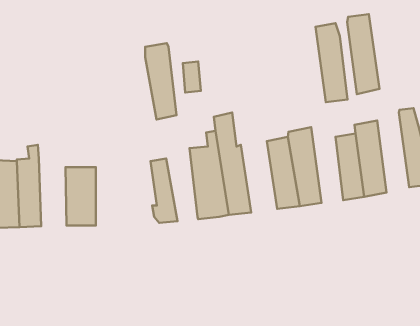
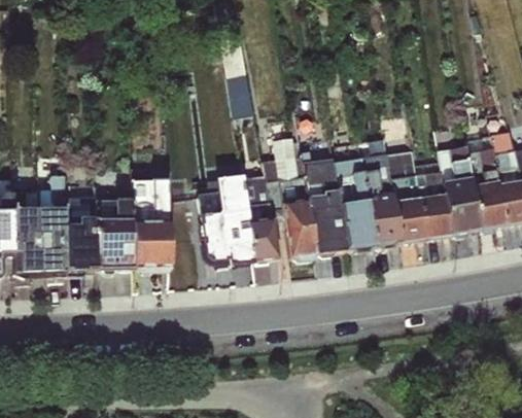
building: [347,14,379,94] -> [466,135,504,230]
building: [315,23,347,102] -> [388,148,426,242]
building: [145,43,176,120] -> [216,173,253,264]
building: none -> [301,150,348,253]
building: none -> [132,179,171,269]
building: none -> [65,182,98,270]

